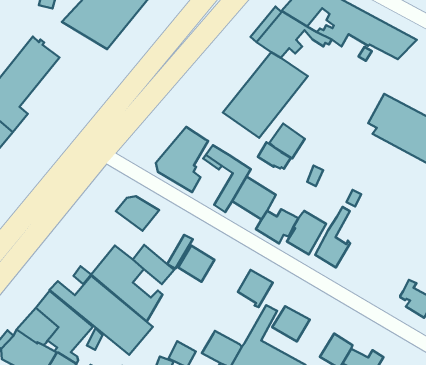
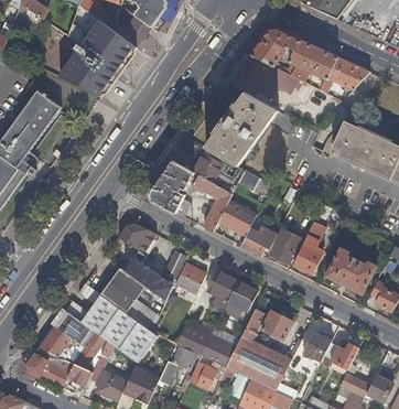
building: [269,124,305,159] -> [192,152,223,182]
building: none -> [325,247,376,293]
building: none -> [205,269,238,309]
building: none -> [175,321,214,355]

